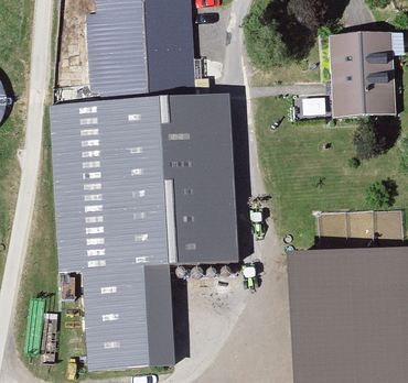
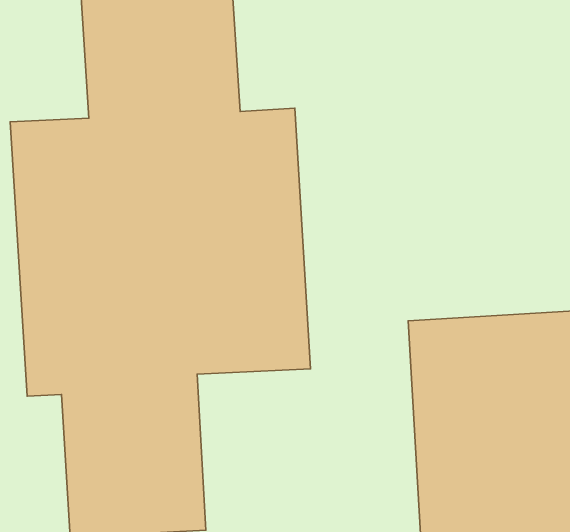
building: [324,36,397,122] -> none

